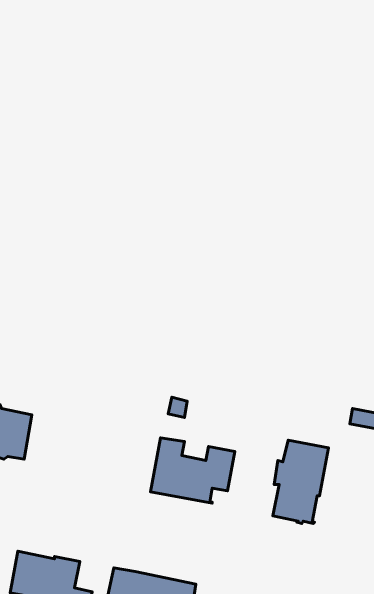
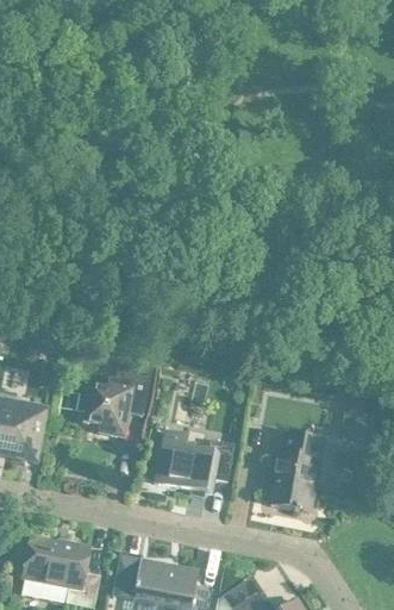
building: none -> [83,360,152,434]

